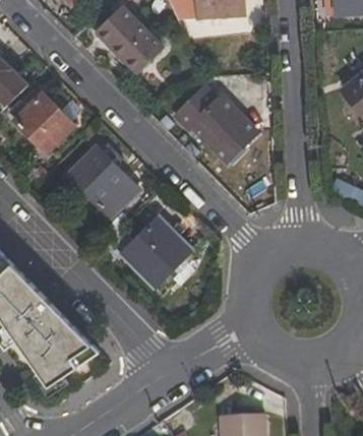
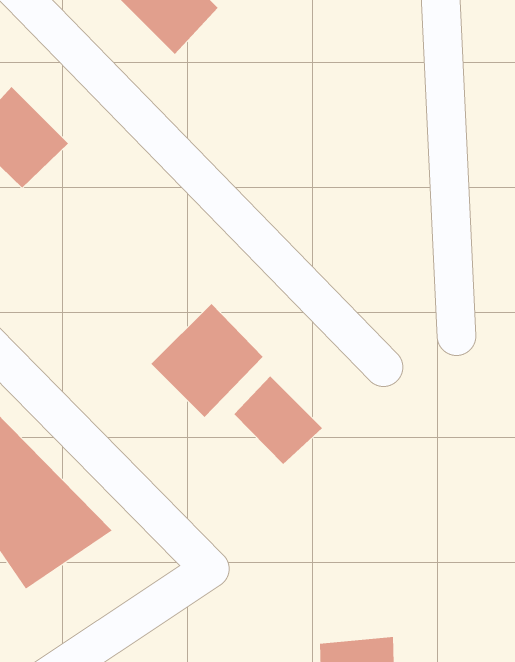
building: [174,86,258,163] -> none
building: [72,147,139,219] -> none
building: none -> [233,376,323,465]

